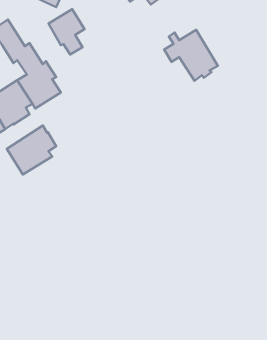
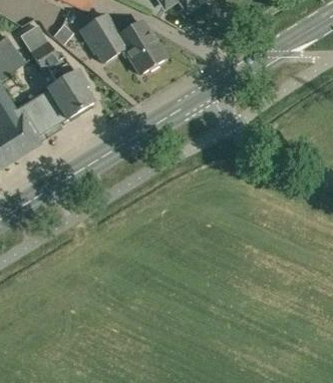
building: [164,30,218,81] -> [108,19,165,73]
building: [7,125,56,174] -> none

